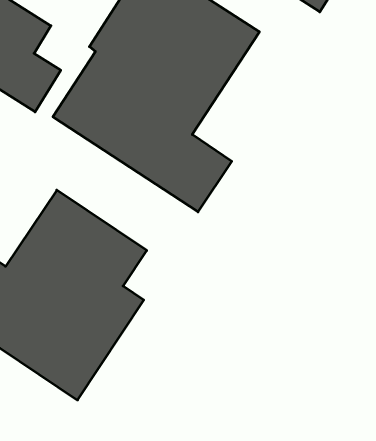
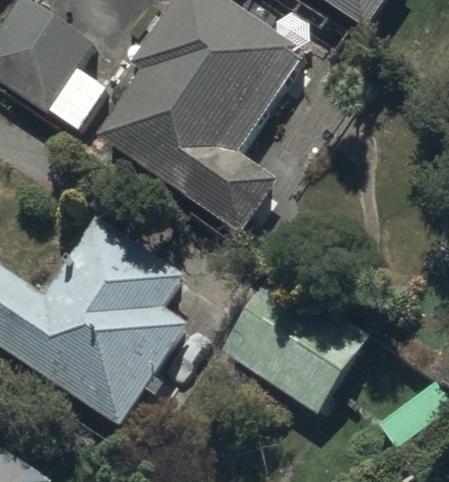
building: none -> [216,268,369,413]

